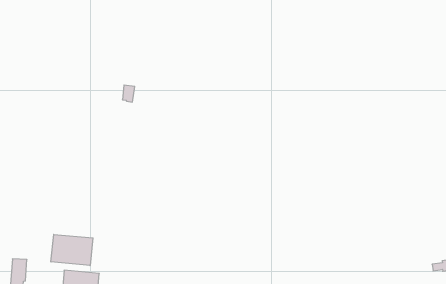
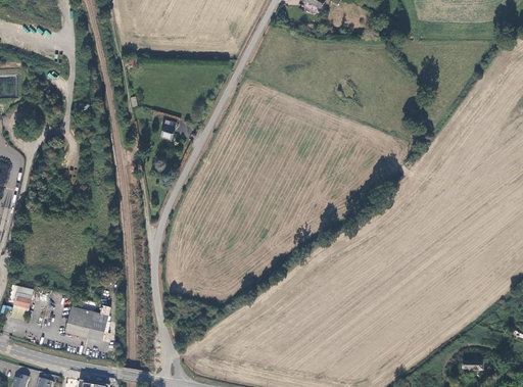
building: [51,234,93,266] -> none

